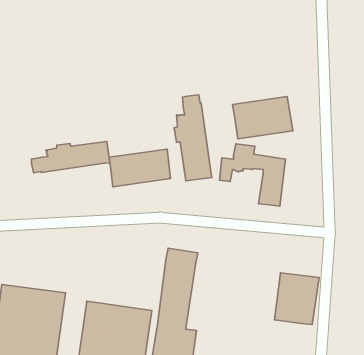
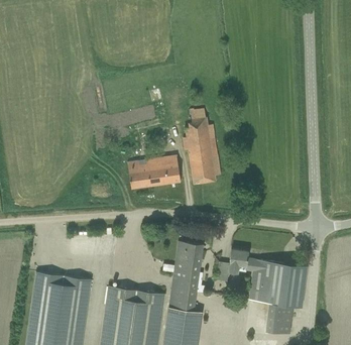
building: [232,97,293,139] -> none
building: [31,141,110,173] -> none
building: [219,144,286,206] -> [218,248,274,302]

